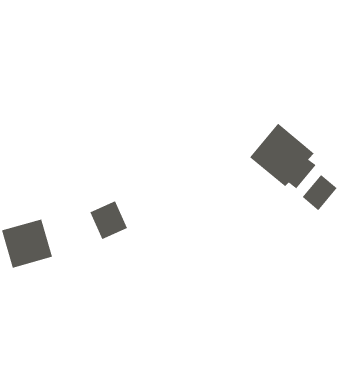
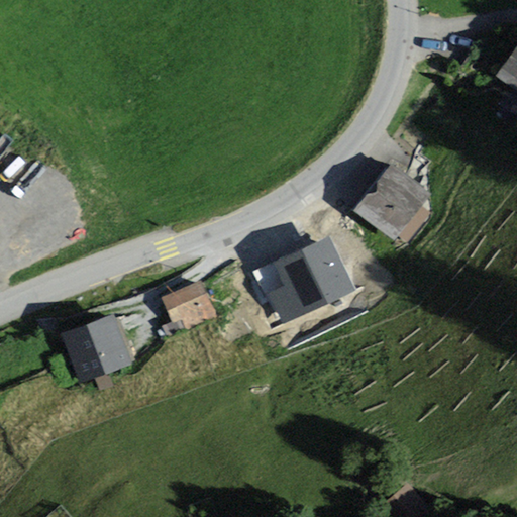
building: [302,174,338,211] -> none
building: none -> [254,236,356,325]

